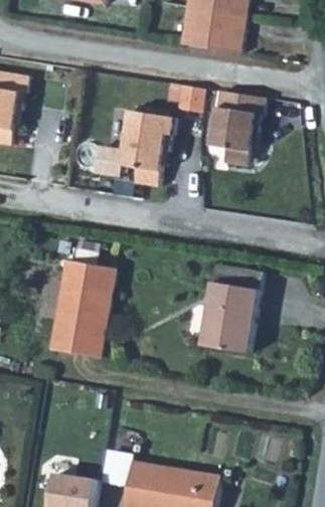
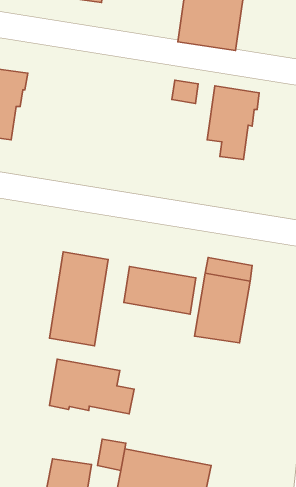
building: [98,111,177,186] -> none
building: none -> [124,266,196,314]
building: none -> [49,359,134,414]

